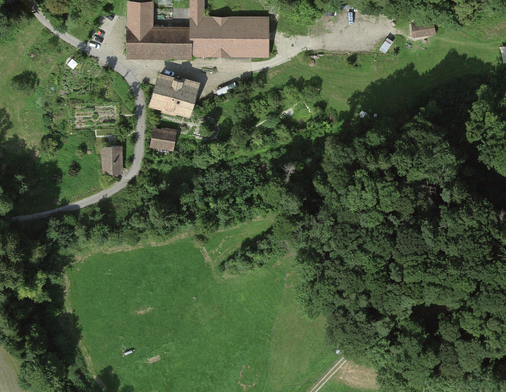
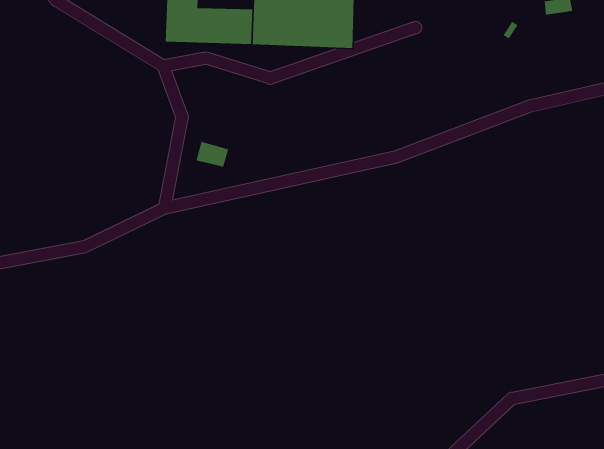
building: [149,74,197,115] -> none
building: [103,146,122,173] -> none

